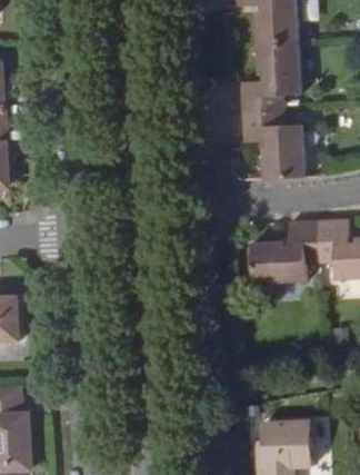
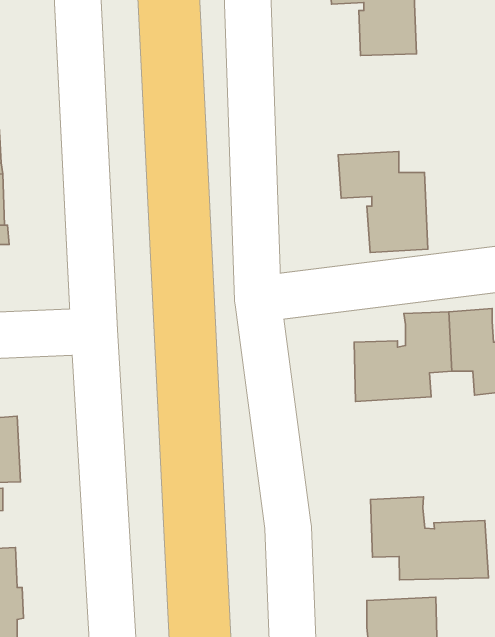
building: [242,41,301,111] -> none
building: none -> [371,497,489,580]

